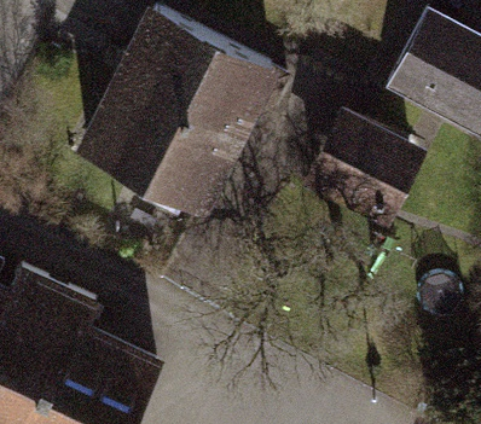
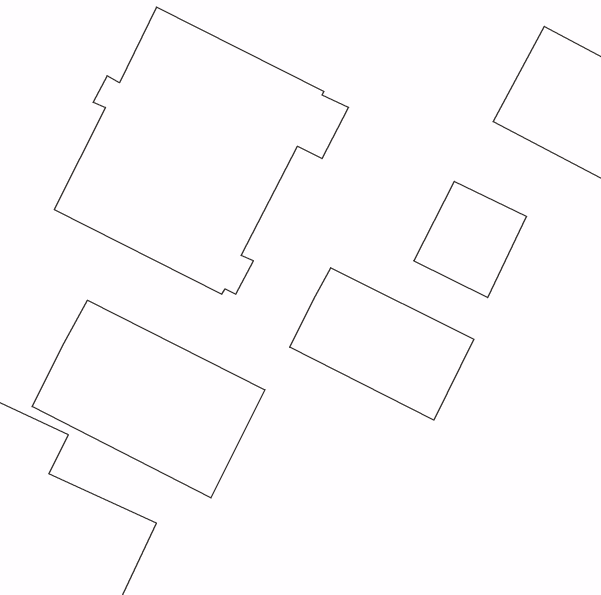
building: none -> [290,268,474,420]
building: none -> [32,300,265,498]

